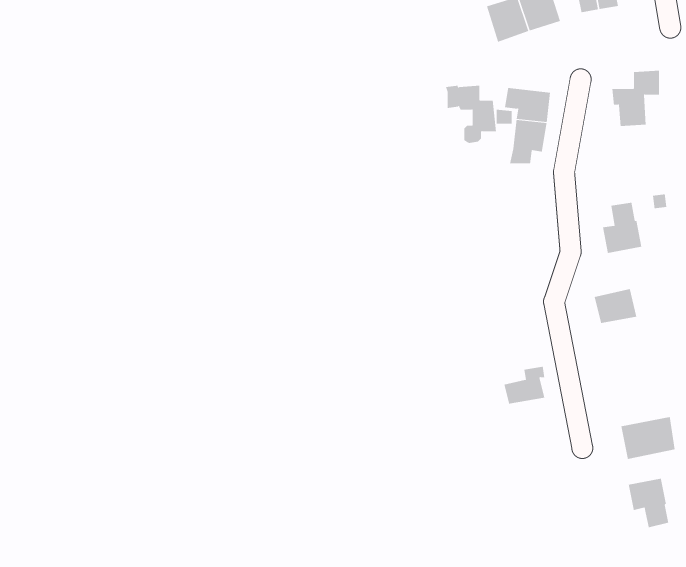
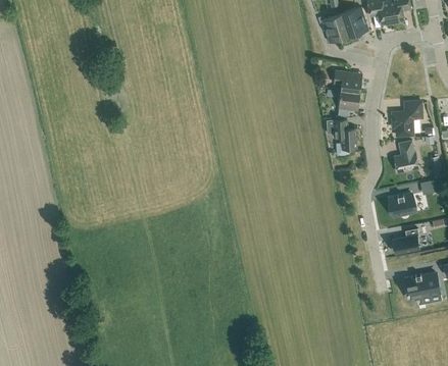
building: [612,70,660,127] -> [392,101,421,136]
building: [445,85,497,143] -> [326,119,357,155]
building: [504,366,545,404] -> [393,228,418,252]
building: [628,478,669,528] -> none

